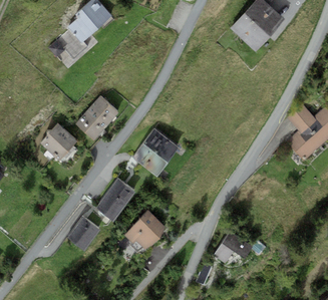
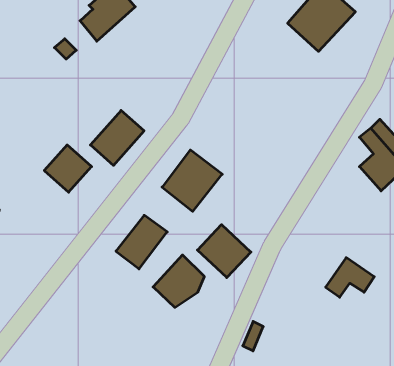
building: none -> [197,225,251,278]
building: [68,218,100,251] -> none
building: [214,231,252,262] -> [326,258,374,297]

